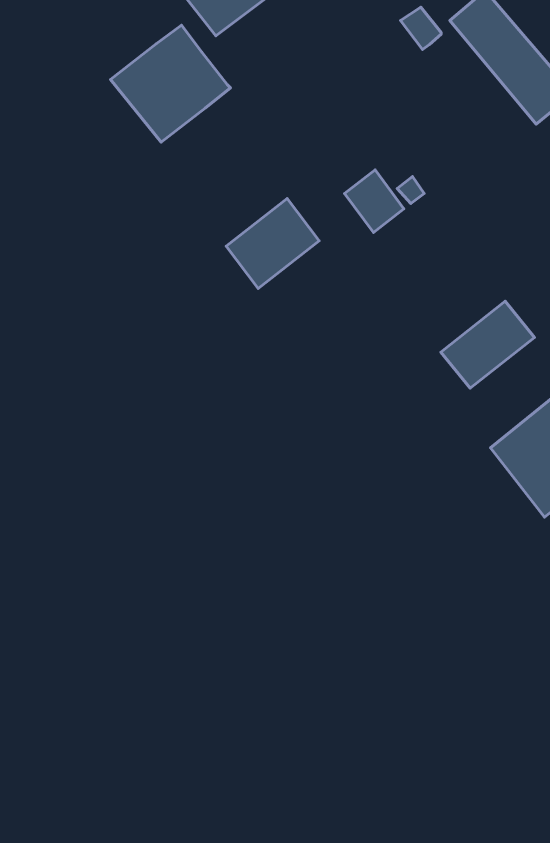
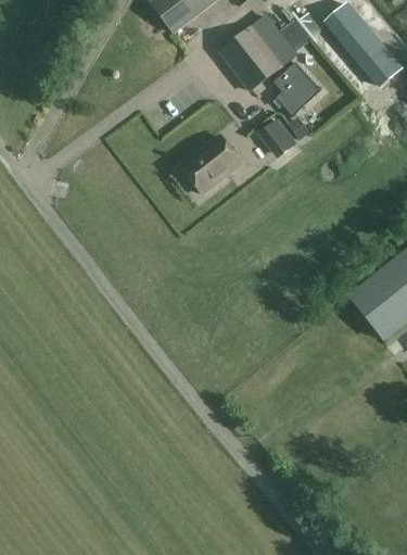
building: [110,25,231,142] -> [218,14,295,89]
building: none -> [272,61,320,115]
building: [441,301,534,388] -> none

